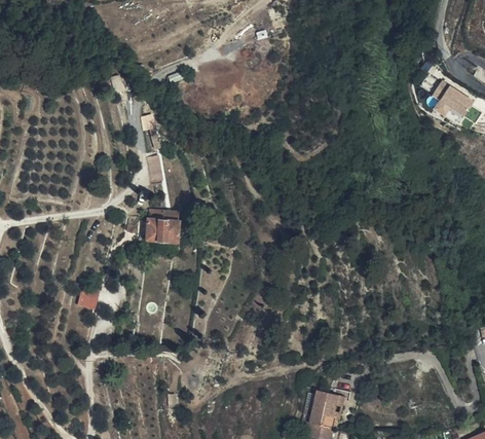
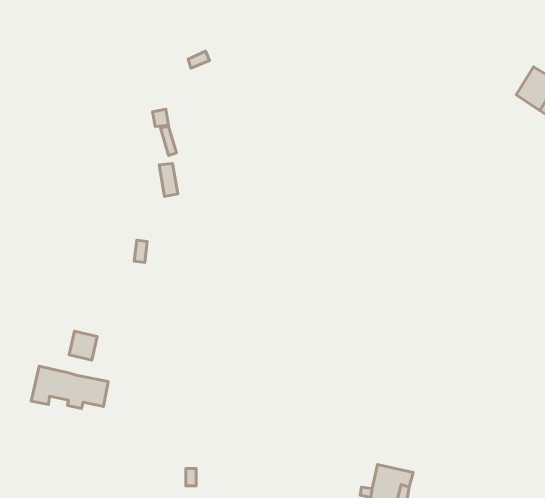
building: [147,210,179,242] -> none
building: none -> [31,366,108,409]

